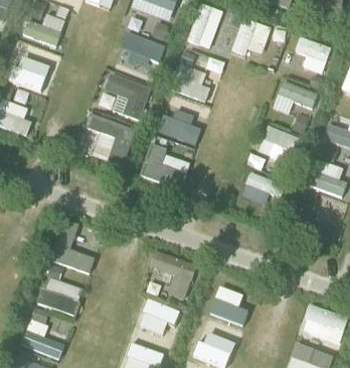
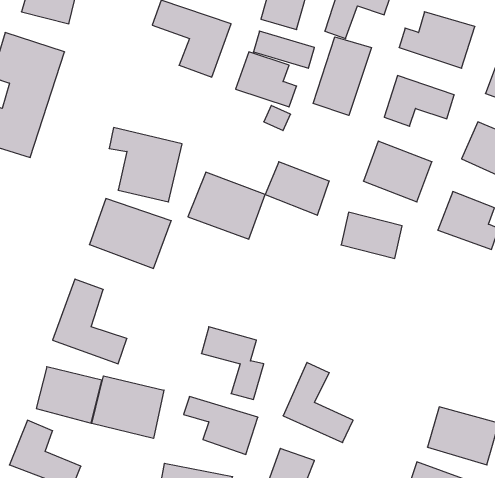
building: none -> [313,37,372,115]
building: [97,74,152,122] -> [89,199,171,268]
building: [156,109,199,145] -> [265,162,329,215]
building: none -> [92,376,164,438]

